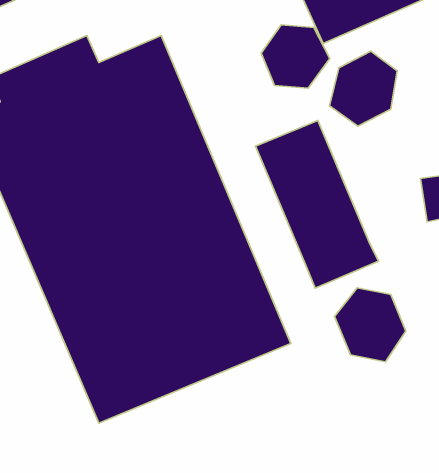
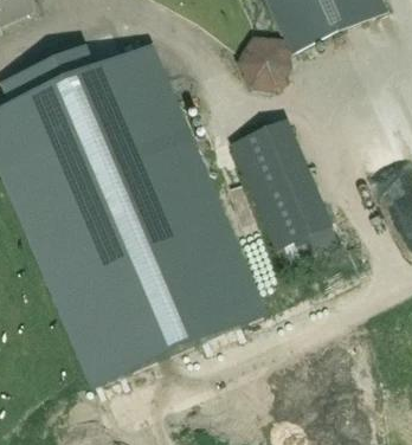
building: [330,51,397,126] -> none
building: [335,288,406,362] -> none

